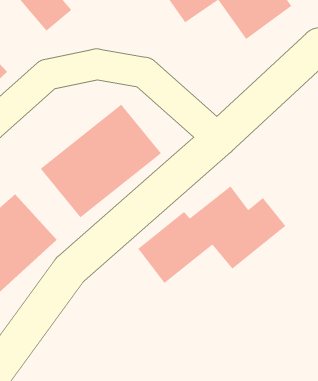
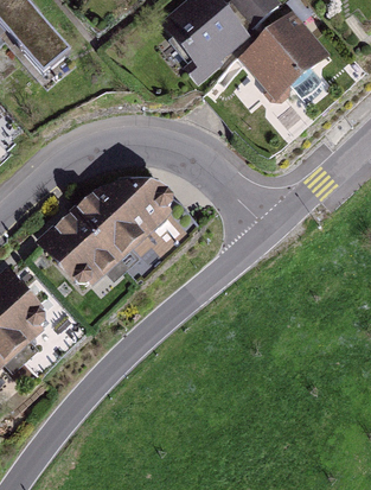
building: [138,186,286,284] -> none

